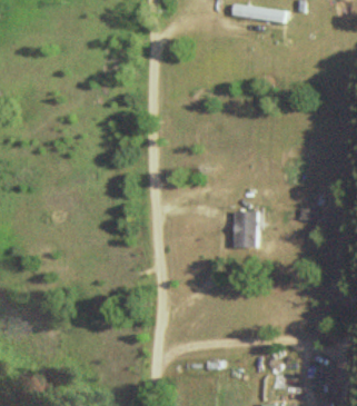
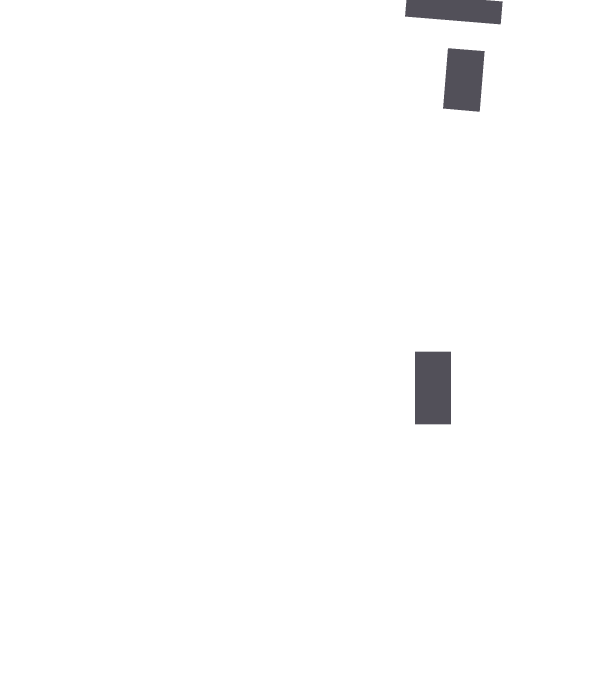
building: none -> [442,47,485,112]

